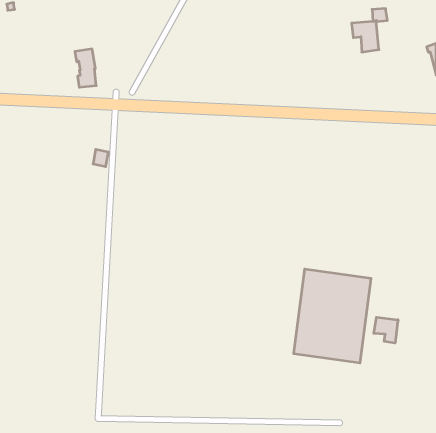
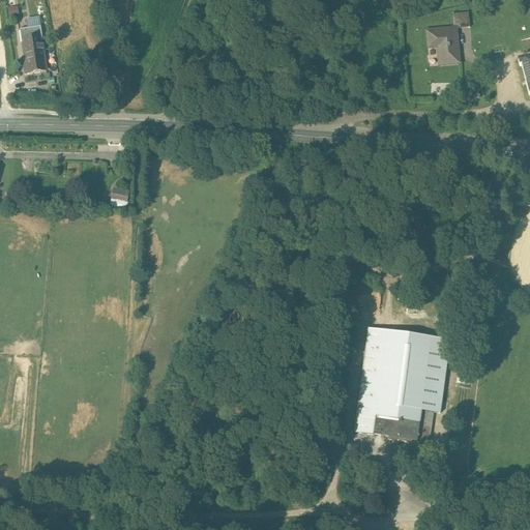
building: [75,49,96,87] -> [20,23,46,69]
building: [374,317,398,343] -> none

